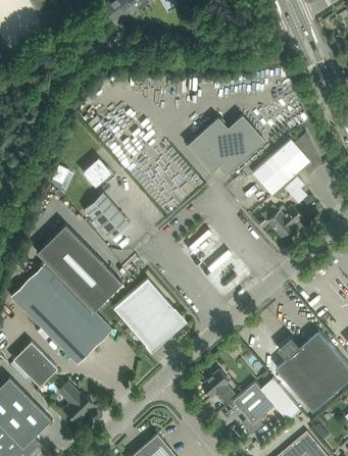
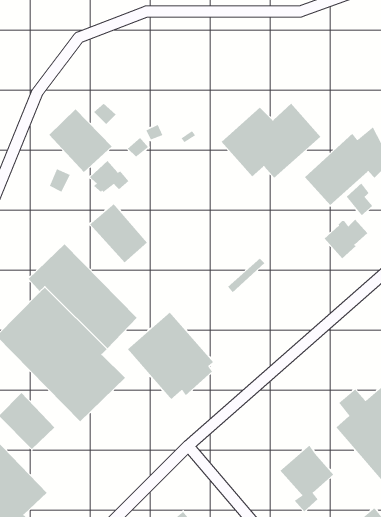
building: none -> [48,108,112,173]
building: [202,370,235,403] -> none
building: [261,377,301,420] -> none
building: [58,382,94,422] -> none

